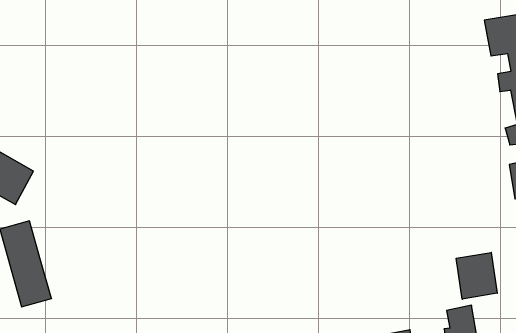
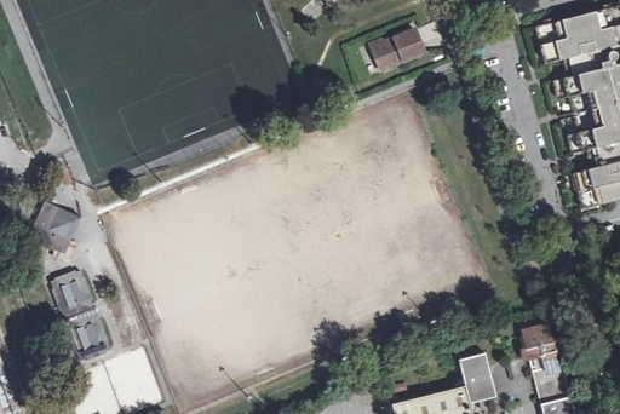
building: none -> [368,23,430,70]
building: [456,252,497,299] -> none

